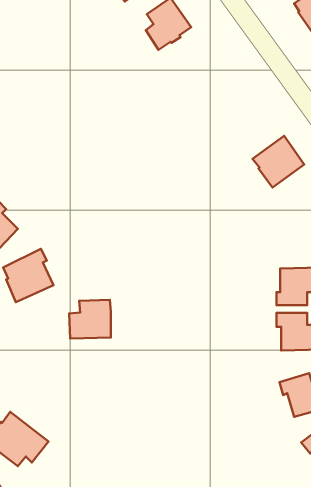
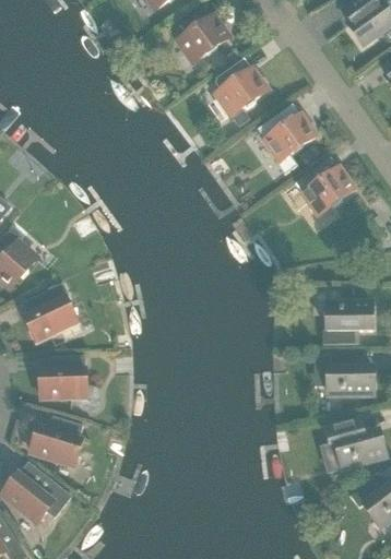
building: none -> [215,60,268,117]
building: none -> [258,105,316,171]
building: [69,300,111,338] -> [40,356,86,399]
building: none -> [32,417,84,466]

